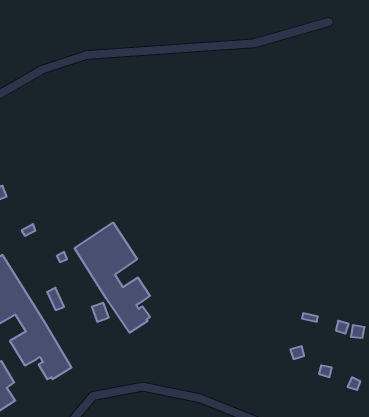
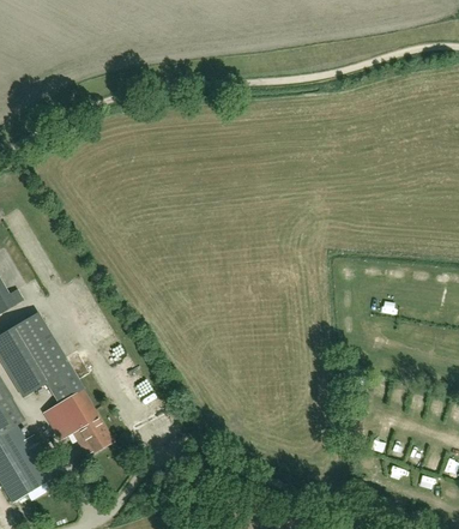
building: [75,223,150,333] -> none

